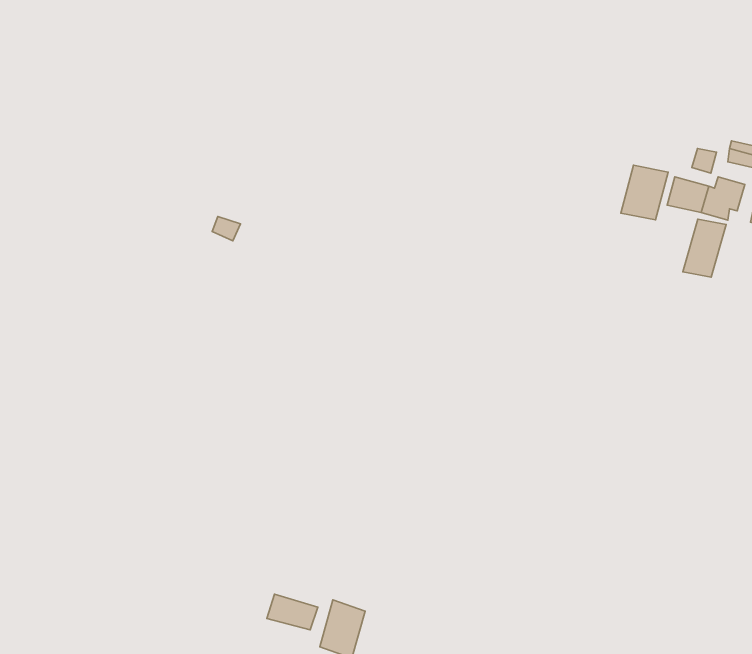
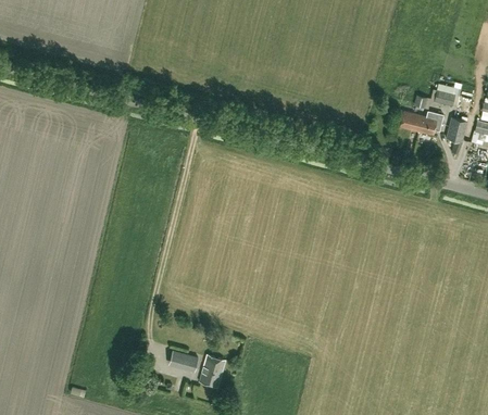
building: [621,165,668,220] -> none
building: [683,219,726,277] -> none

